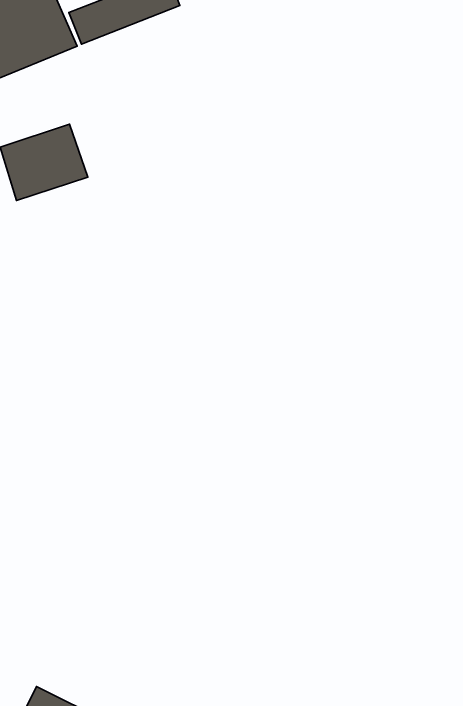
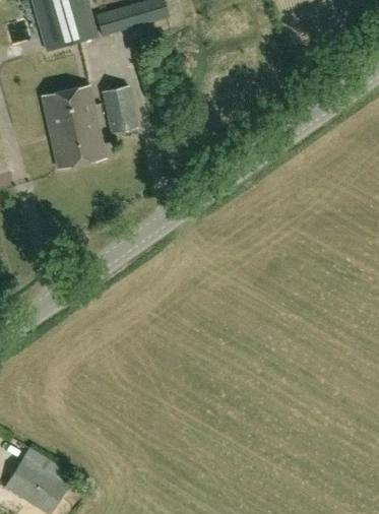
building: none -> [103,85,137,133]
building: none -> [50,121,105,168]

